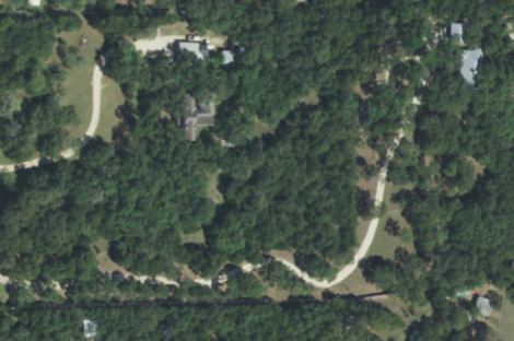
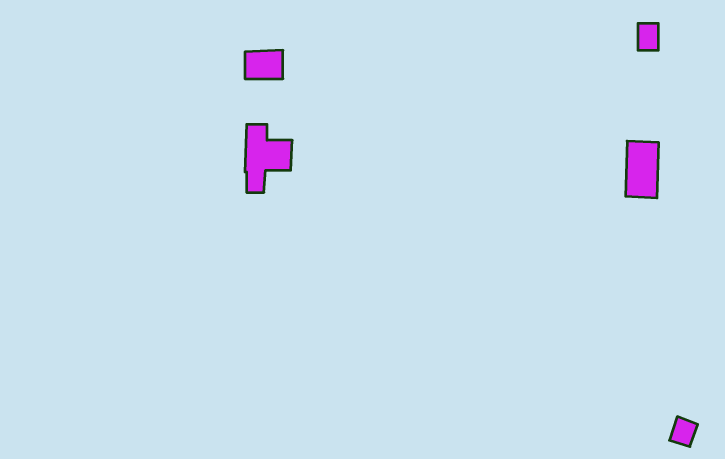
building: [459,48,482,87] -> [626,141,659,198]

